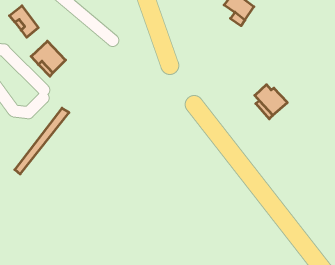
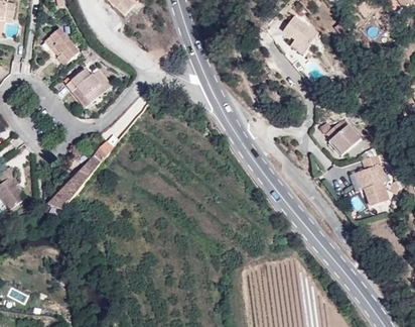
building: none -> [354,152,385,202]

